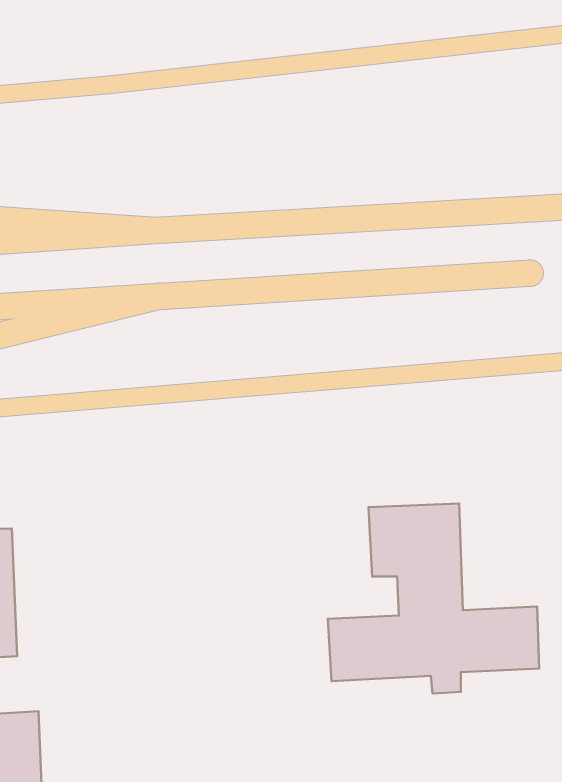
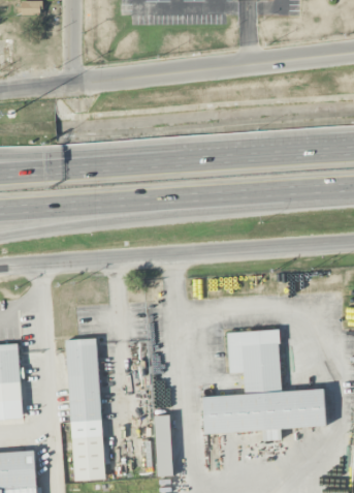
building: none -> [66,338,104,481]
building: none -> [154,415,171,476]

